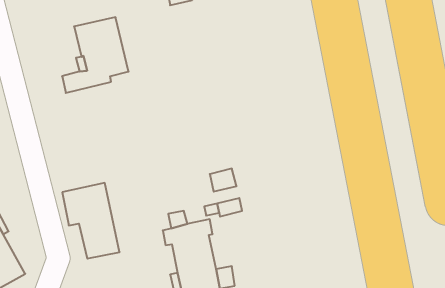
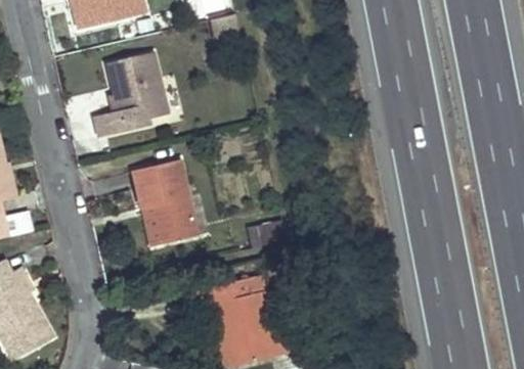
building: [62,183,120,259] -> [134,158,198,242]

